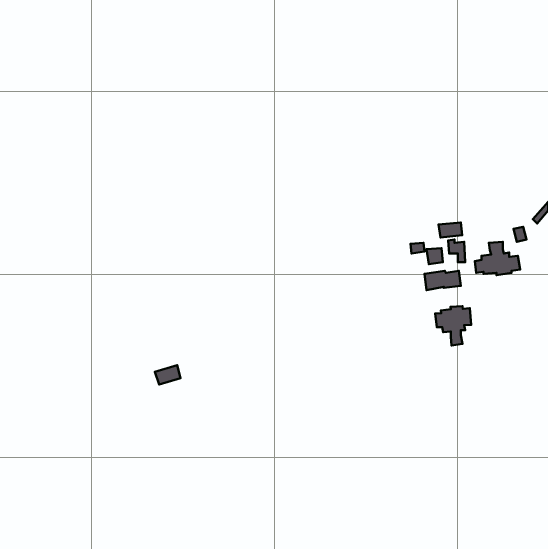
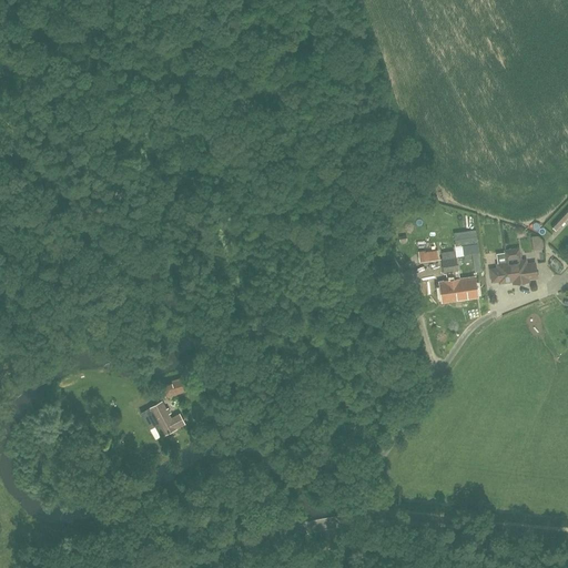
building: [435,306,471,346] -> none
building: none -> [148,404,183,436]

